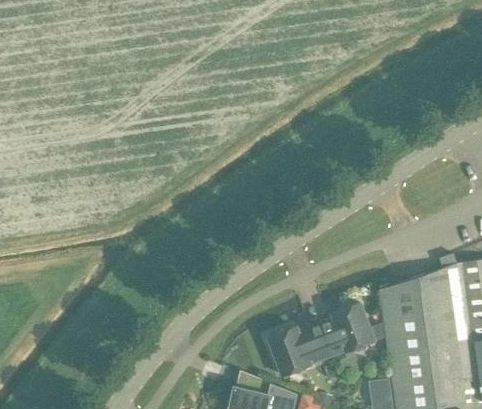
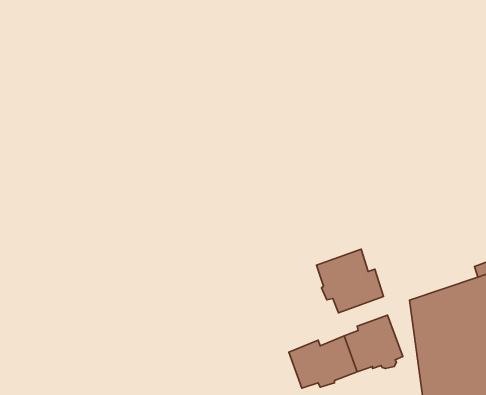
building: none -> [316,249,383,313]

